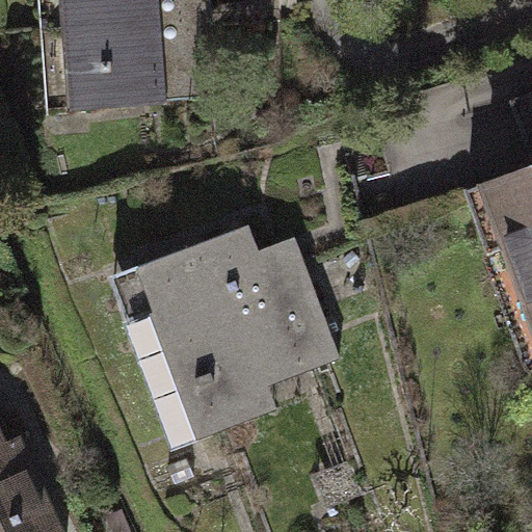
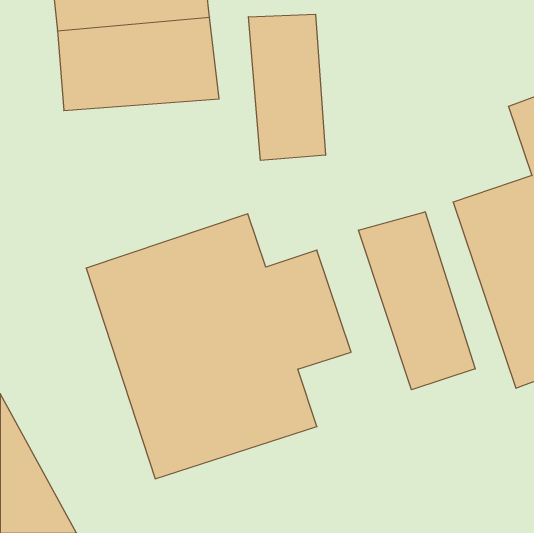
building: none -> [248,14,326,160]
building: none -> [359,212,475,390]

